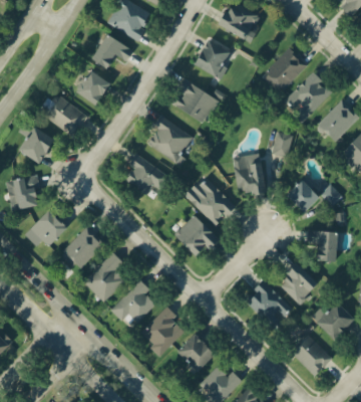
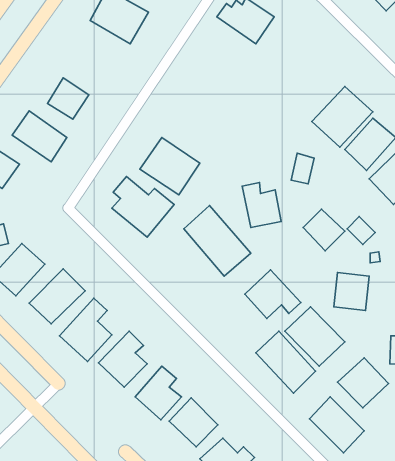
building: [91,33,131,63] -> none
building: [192,37,235,77] -> none
building: [269,49,314,95] -> none
building: [173,81,222,126] -> none
building: [172,213,219,253] -> [245,270,301,318]

